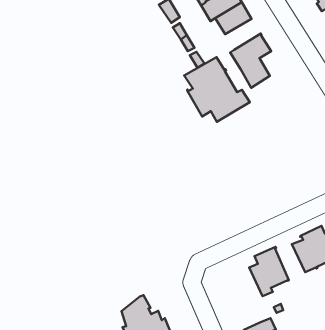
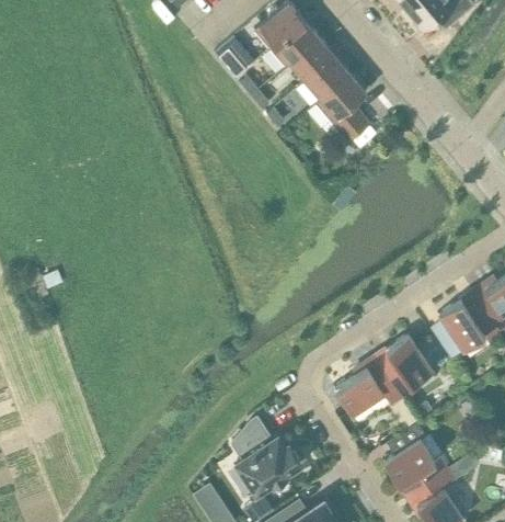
building: none -> [306,57,349,99]
building: [184,57,250,122] -> none
building: none -> [334,365,403,416]

